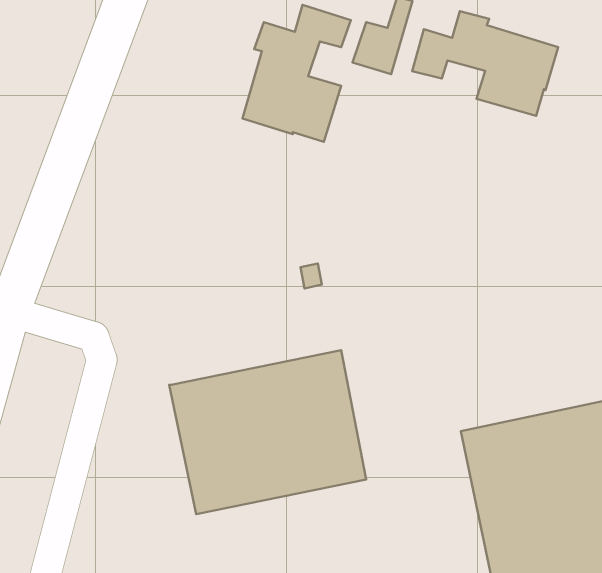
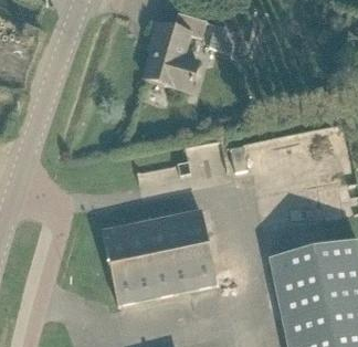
building: [412,11,558,116] -> none

